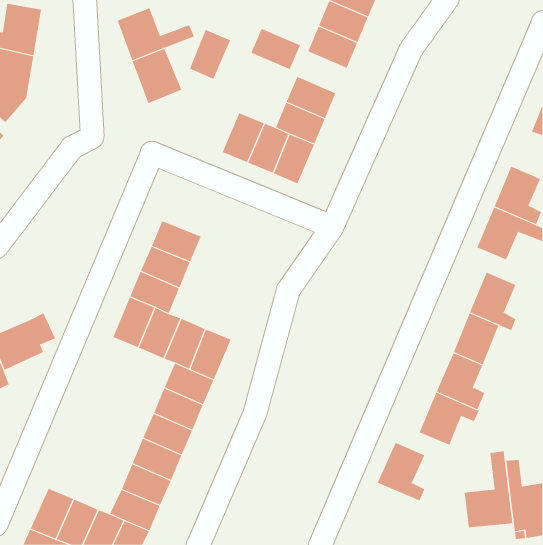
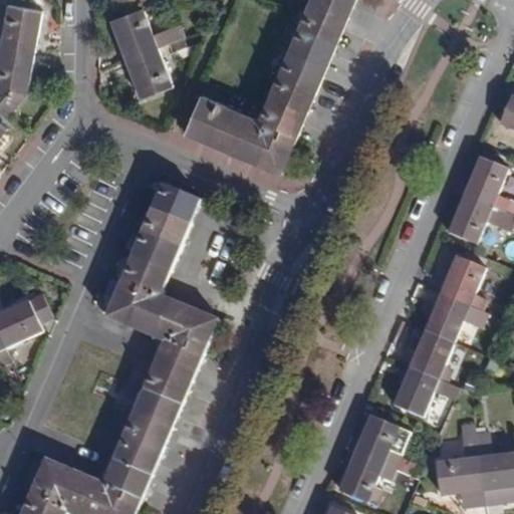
building: [250,28,301,70] -> [278,48,325,87]
building: [189,29,231,80] -> [185,95,224,143]
building: none -> [152,183,199,222]
building: none -> [337,453,394,507]

